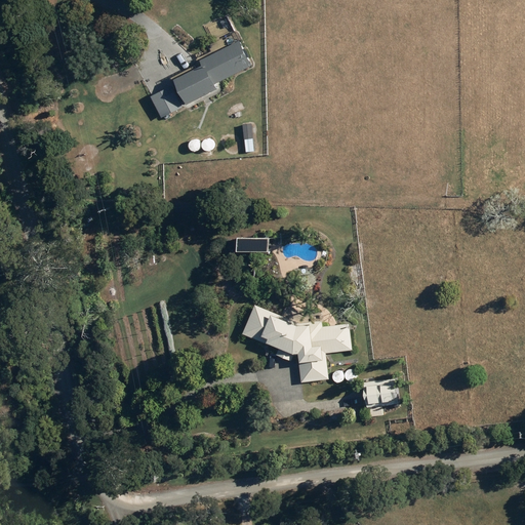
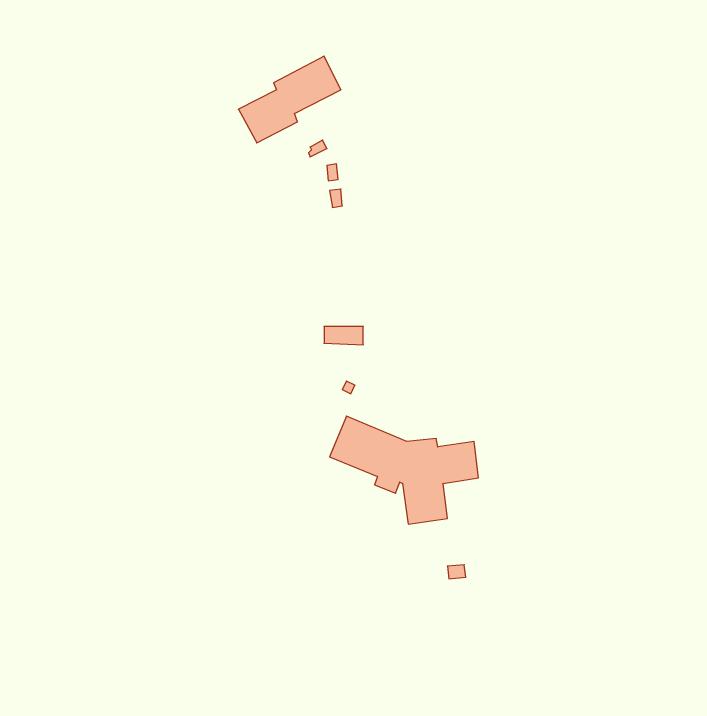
building: [149,86,179,118] -> none
building: [364,379,396,407] -> none

